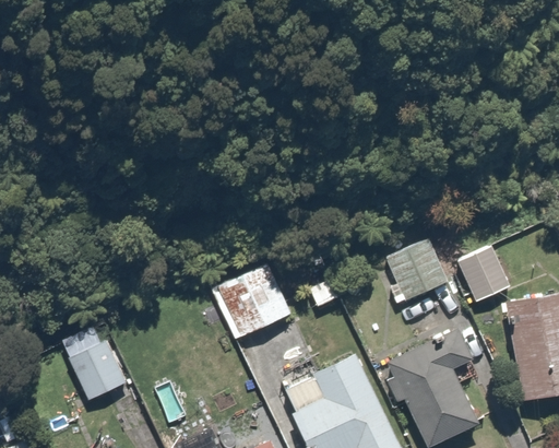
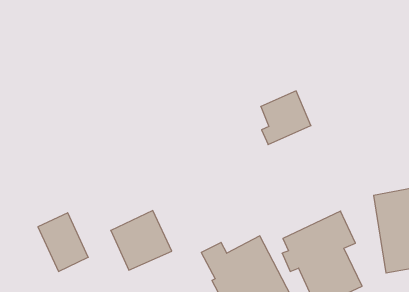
building: [384,236,451,307] -> [261,91,311,145]
building: [455,246,507,300] -> none
building: [212,266,293,344] -> [111,211,172,270]

